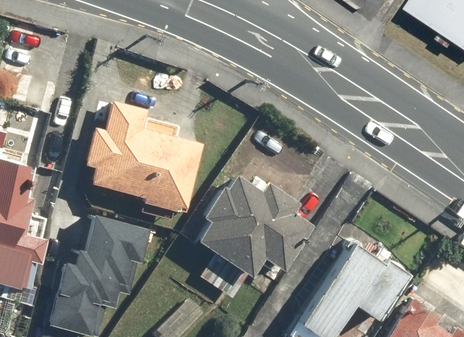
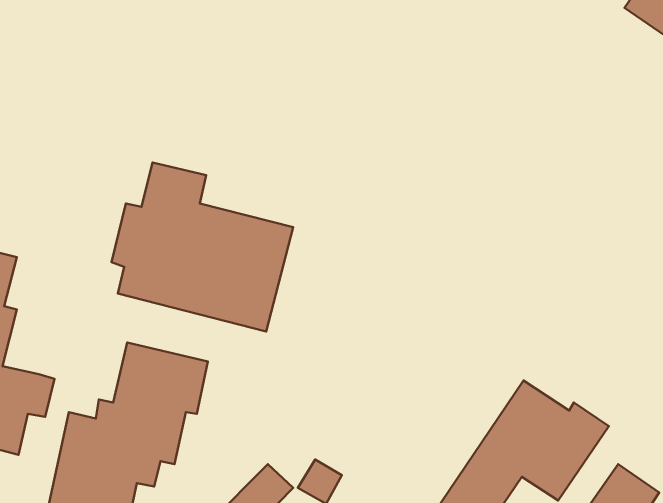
building: [192,174,308,276] -> none

